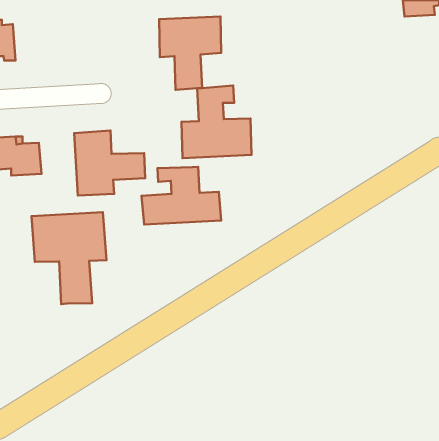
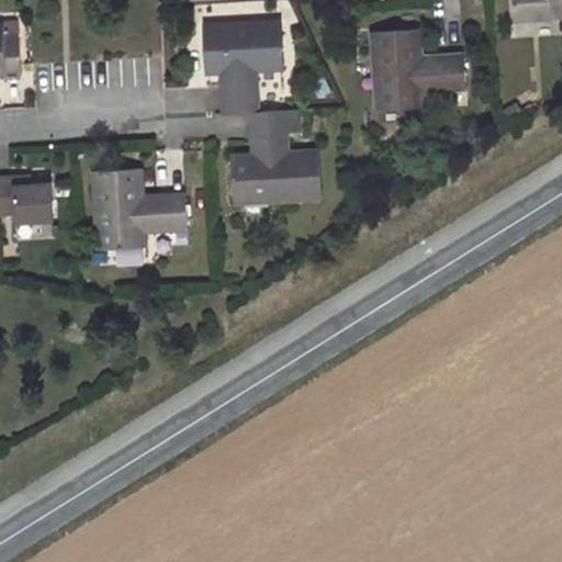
building: none -> [373,30,464,110]
building: [142,167,221,224] -> none
building: [31,212,106,304] -> none

